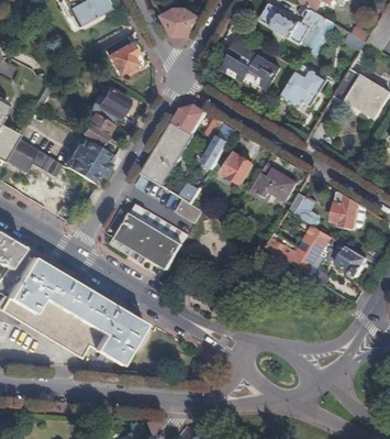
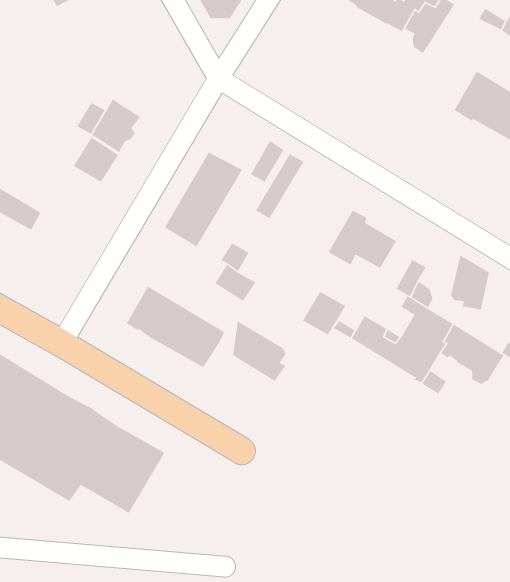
building: [222,34,281,88] -> none
building: [104,36,142,75] -> none
building: [282,64,328,108] -> none
building: [172,106,207,134] -> none
building: [65,136,114,183] -> none
building: [224,154,254,184] -> [302,291,346,336]
building: none -> [232,320,287,382]

